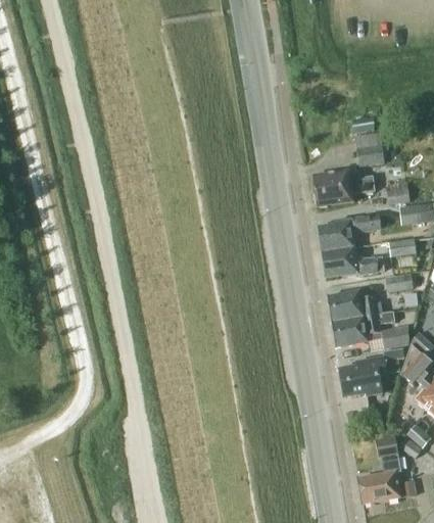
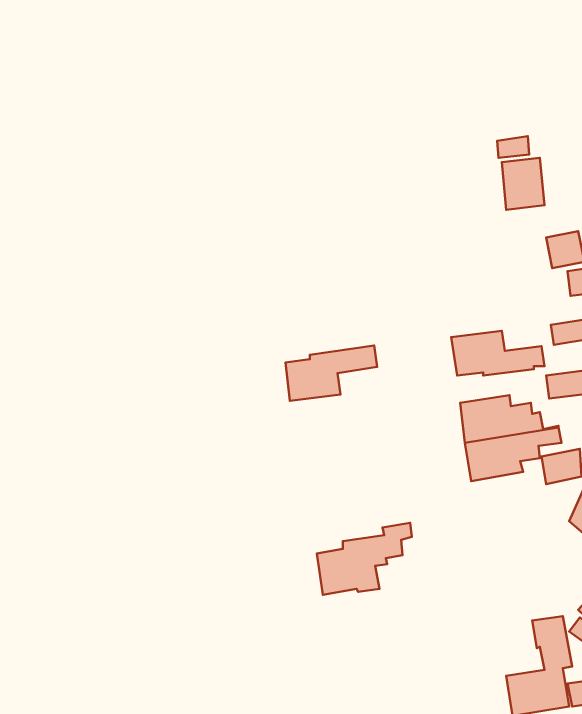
building: [311,169,376,206] -> none
building: [319,213,380,250] -> [285,346,377,401]
building: [340,347,403,395] -> [317,523,412,595]

